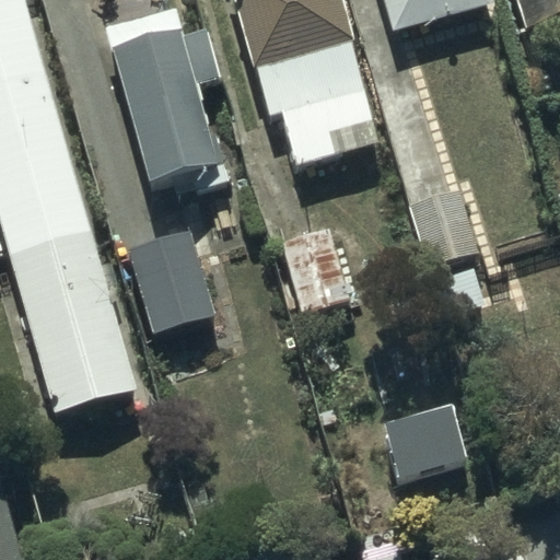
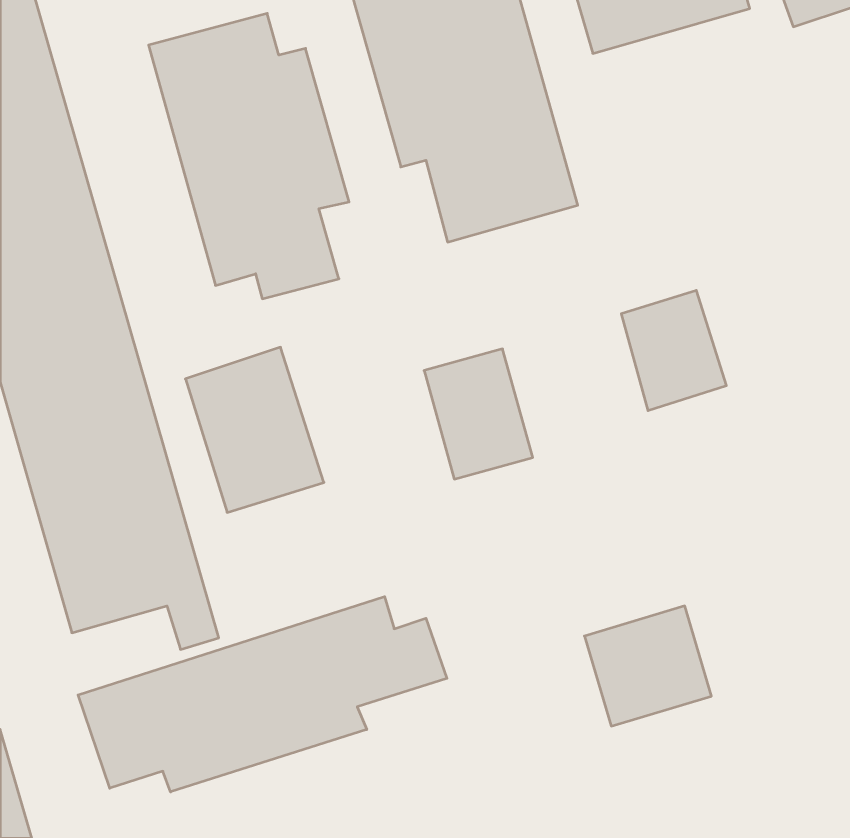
building: none -> [78,597,447,792]

